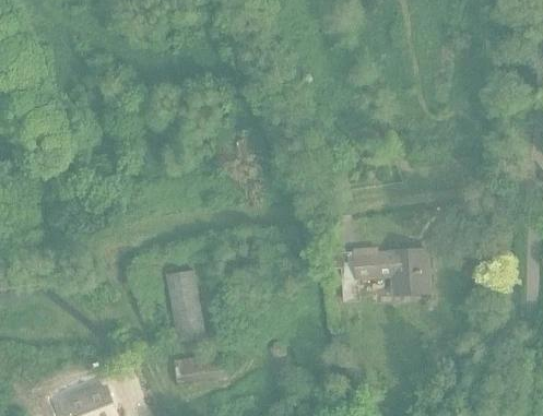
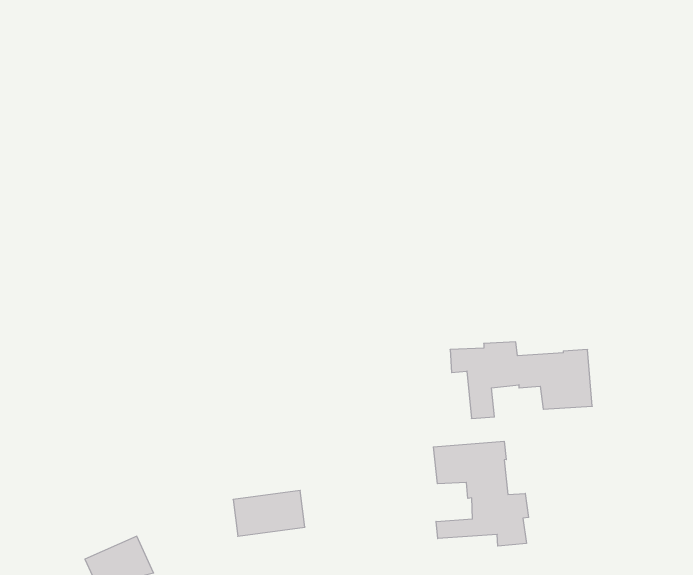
building: [165,270,205,342] -> none
building: none -> [433,441,529,546]

